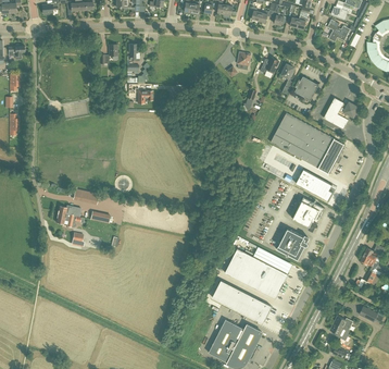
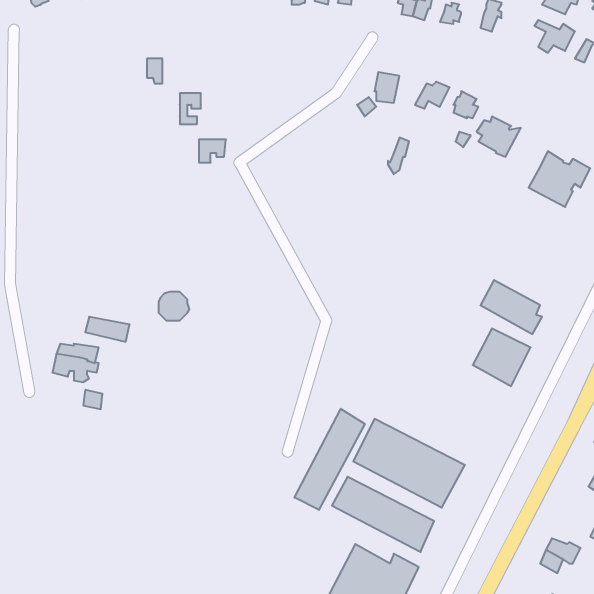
building: [269,112,343,174] -> none
building: [276,227,308,260] -> none
building: none -> [294,409,365,510]

